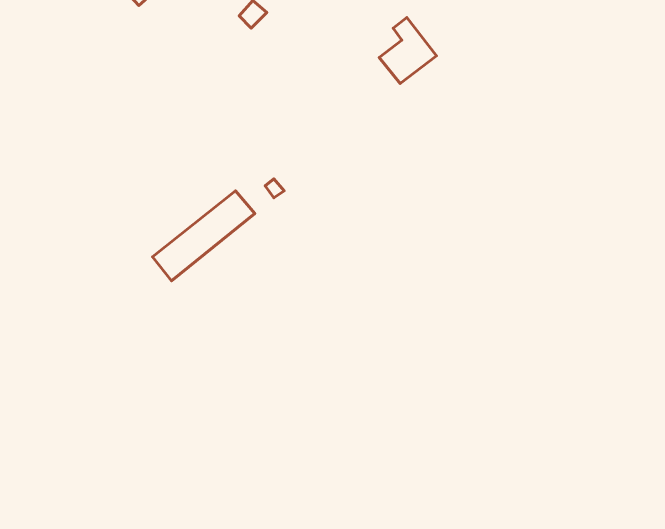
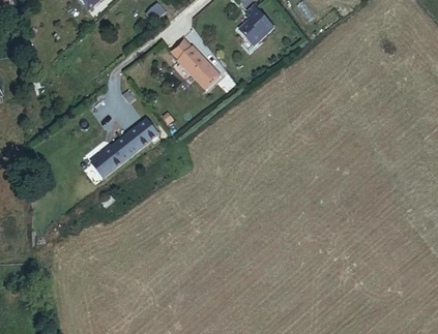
building: none -> [169,41,212,91]

